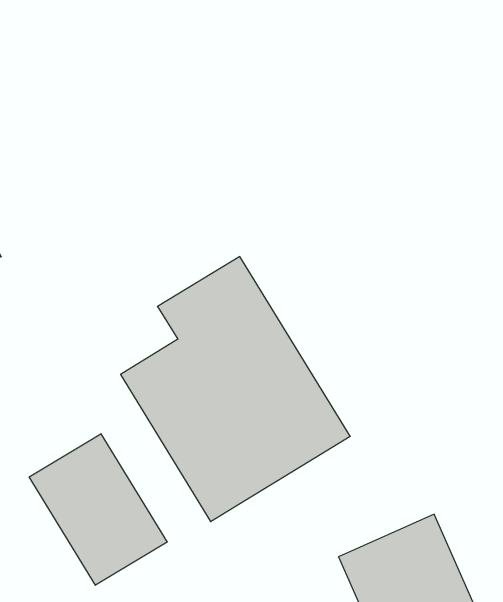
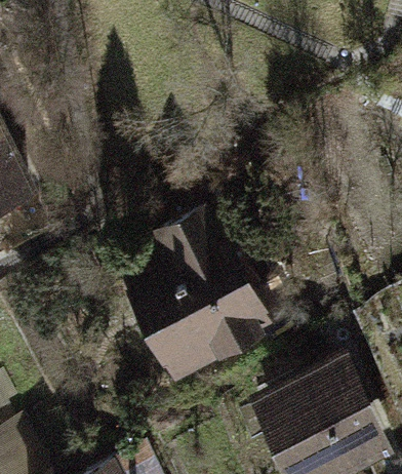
building: [29,434,167,585] -> none

